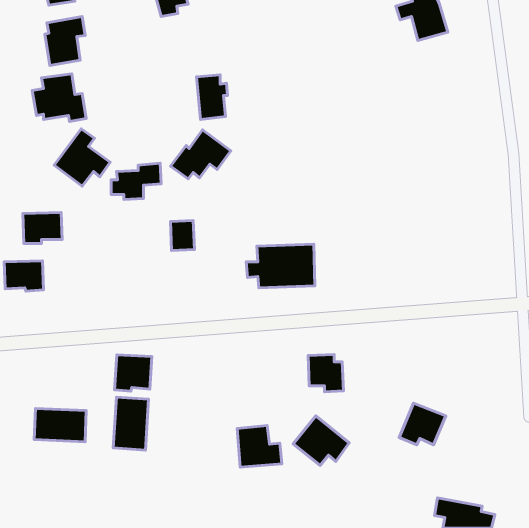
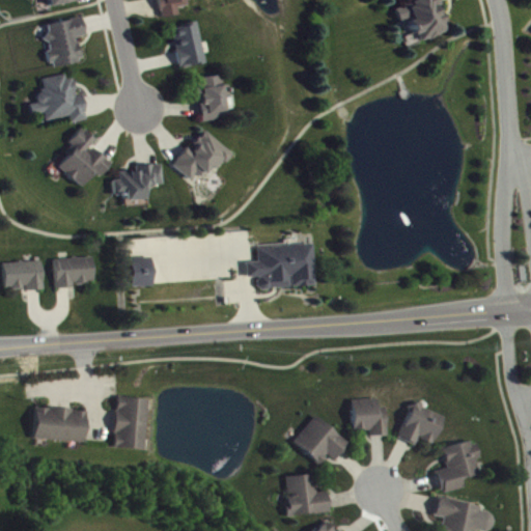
building: none -> [171,21,205,67]
building: [23,212,62,244] -> [55,256,94,287]
building: [170,221,194,251] -> [129,256,152,286]
building: [308,355,343,392] -> [353,398,388,436]
building: [115,355,152,391] -> none
building: [237,425,282,467] -> [284,473,329,514]
building: none -> [437,440,479,492]

